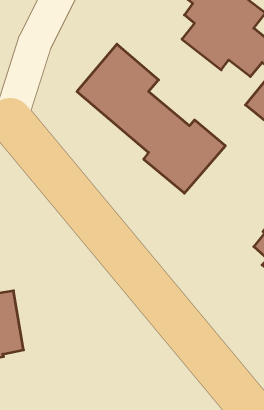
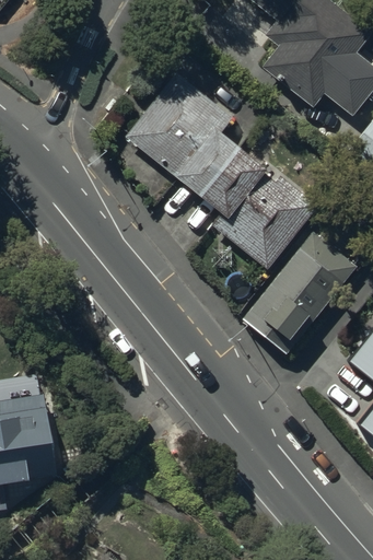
building: none -> [243,230,358,354]

